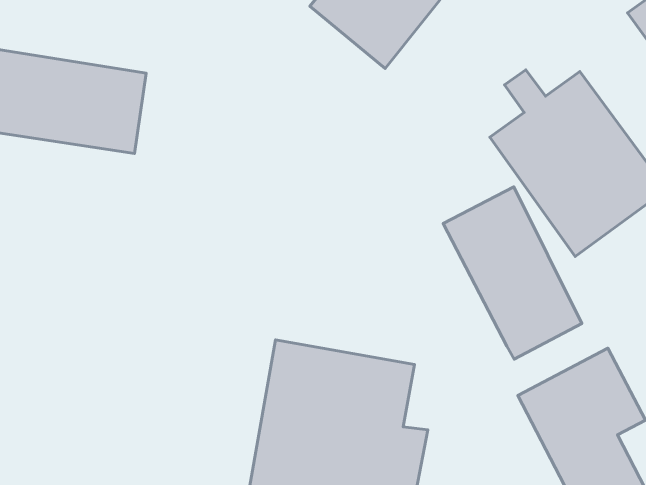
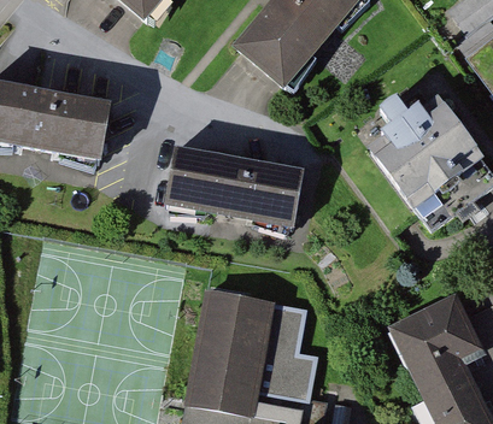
building: none -> [164,147,304,230]
building: [443,187,582,359] -> none

